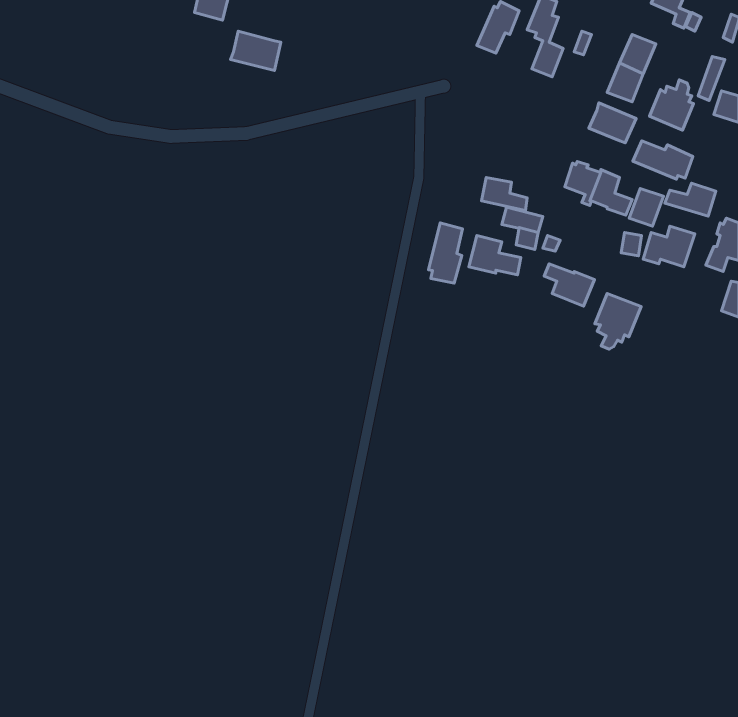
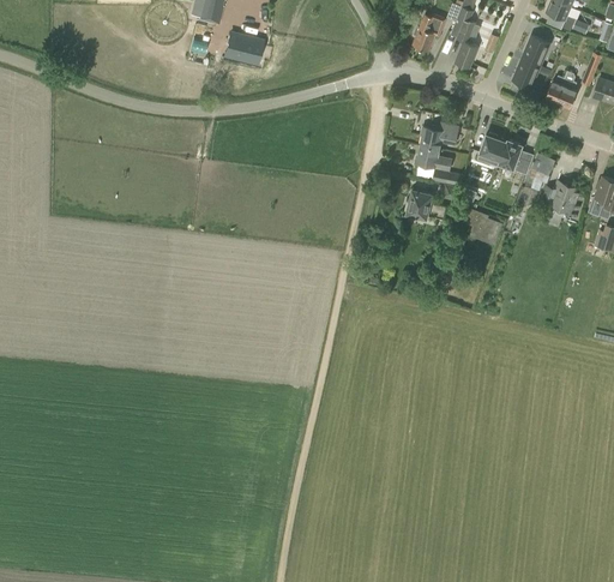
building: [589,103,636,143] -> none
building: [633,141,693,179] -> none
building: none -> [420,124,458,149]
building: [665,183,716,216] -> none
building: [429,223,462,283] -> none
building: [595,294,641,349] -> none

